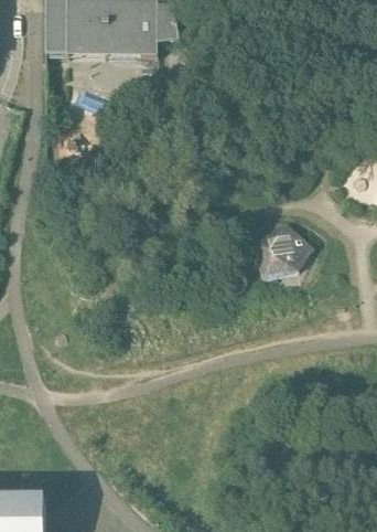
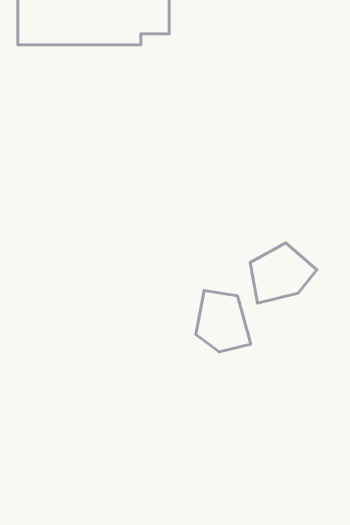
building: none -> [196,291,251,352]

